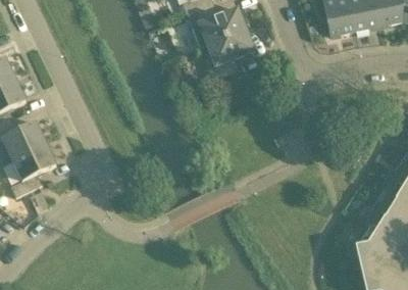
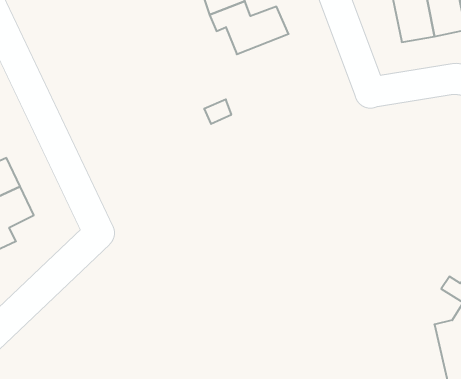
building: [207,28,254,78] -> none

